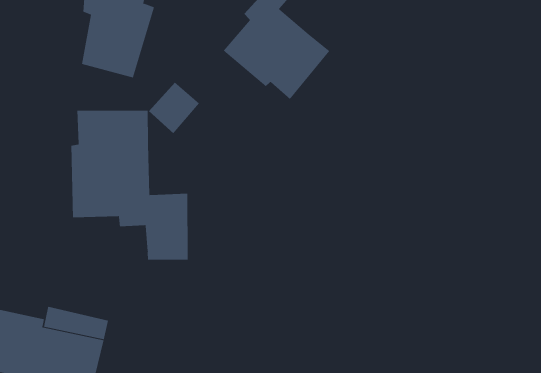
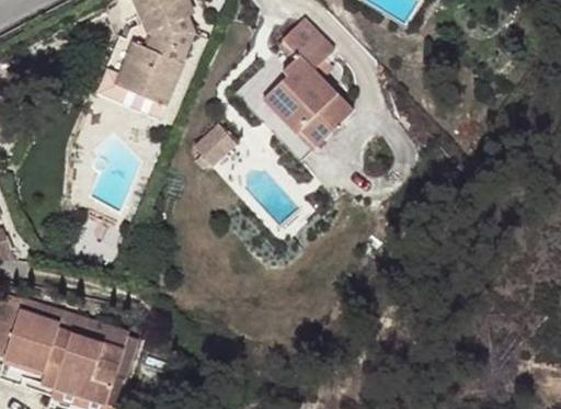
building: none -> [110,46,144,94]
building: [71,110,188,261] -> none

